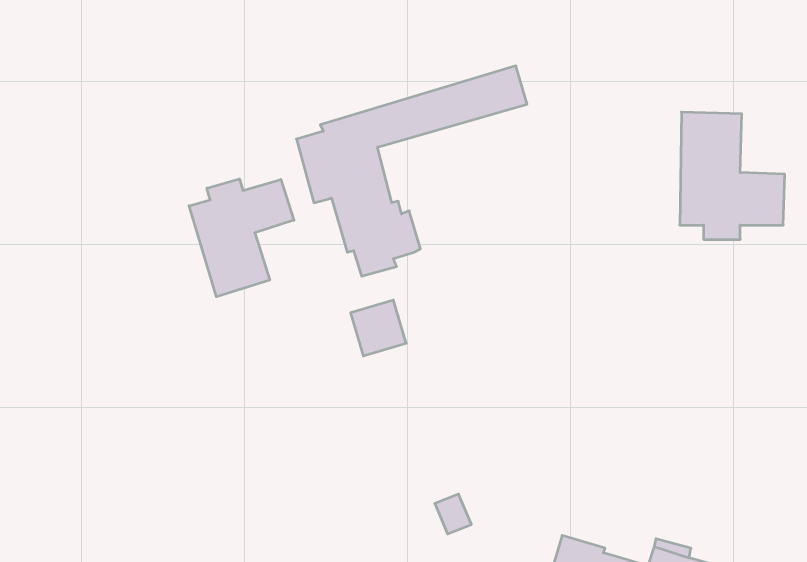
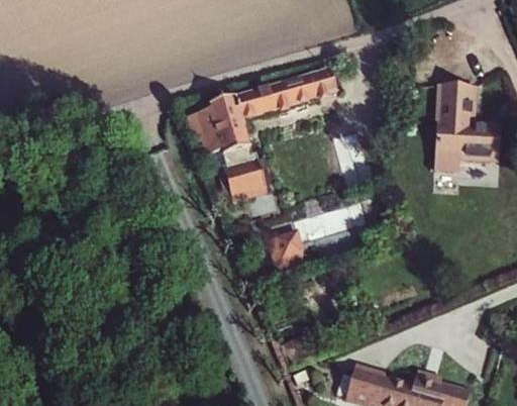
building: [189,179,294,297] -> none
building: [351,300,406,356] -> [268,231,303,267]

